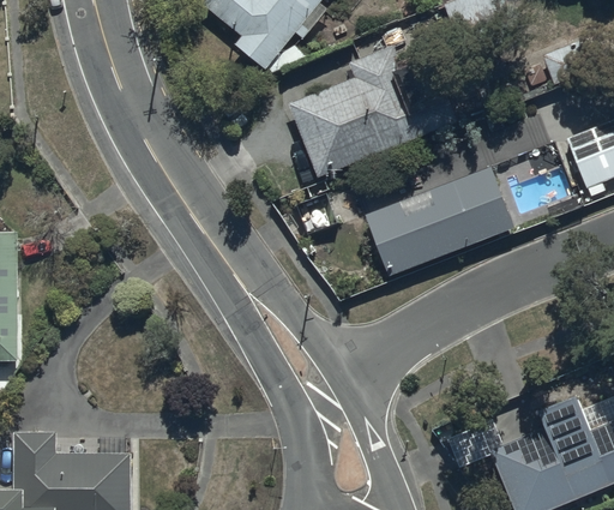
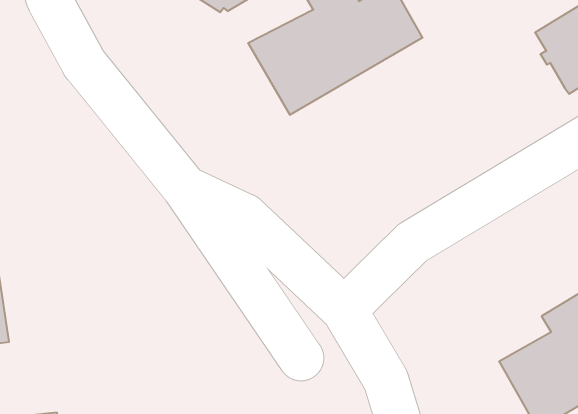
building: [366,157,514,266] -> none

